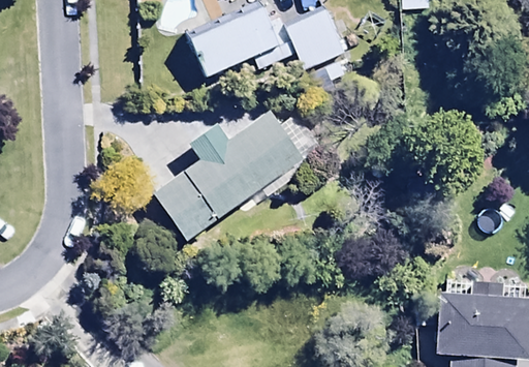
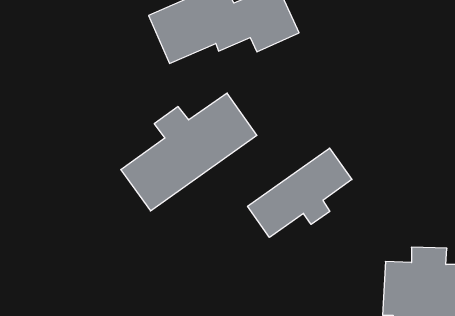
building: none -> [248,148,352,237]

